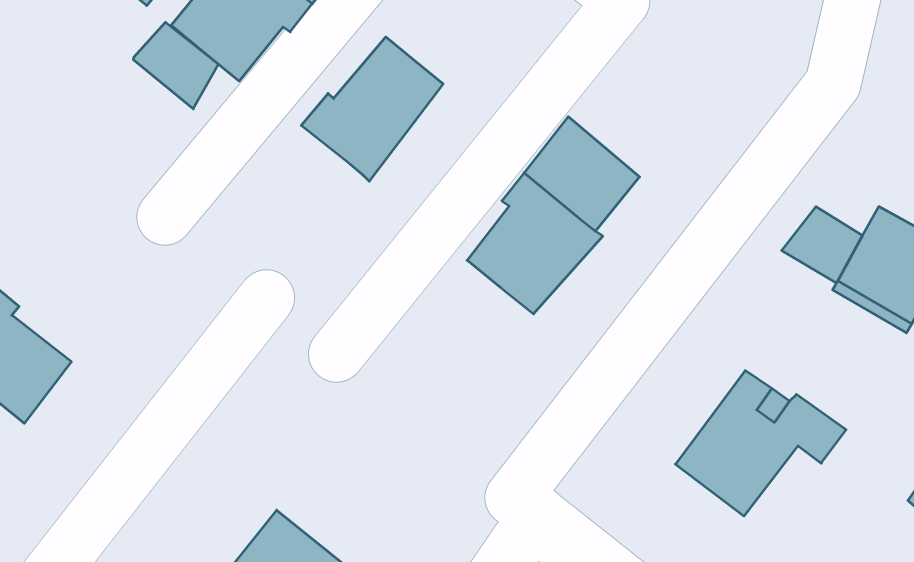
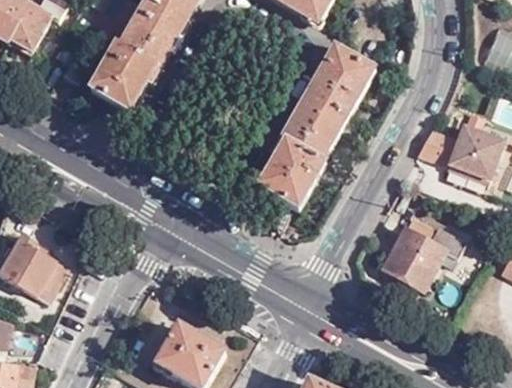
building: none -> [298,43,374,128]
building: [134,22,218,109] -> none
building: [301,37,443,181] -> none

